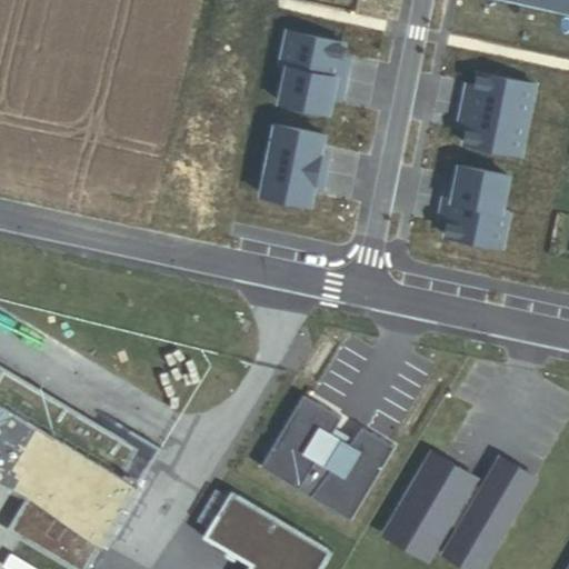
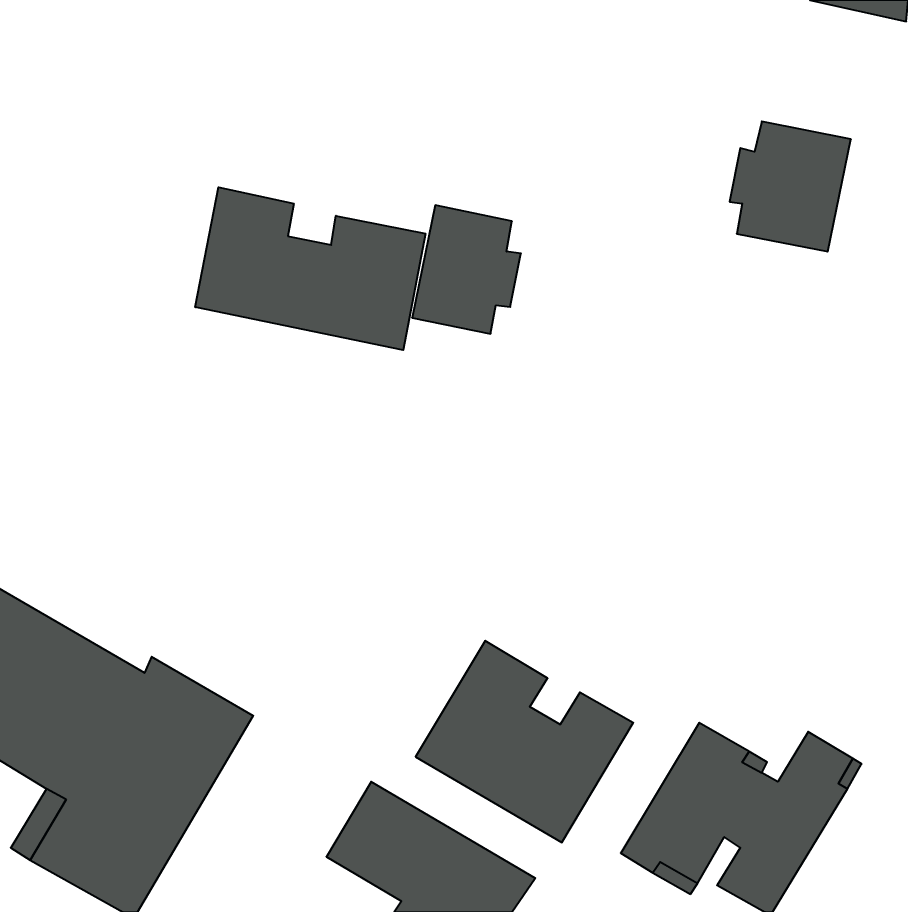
building: [274,34,343,116] -> none
building: none -> [195,187,425,350]
building: [436,169,506,250] -> none

